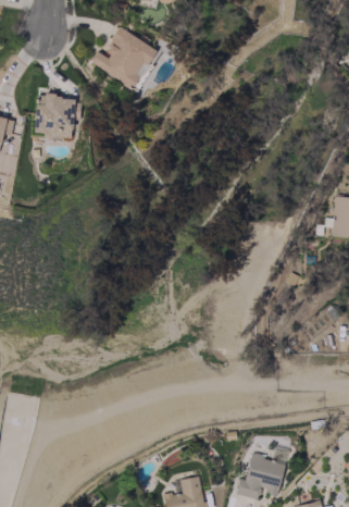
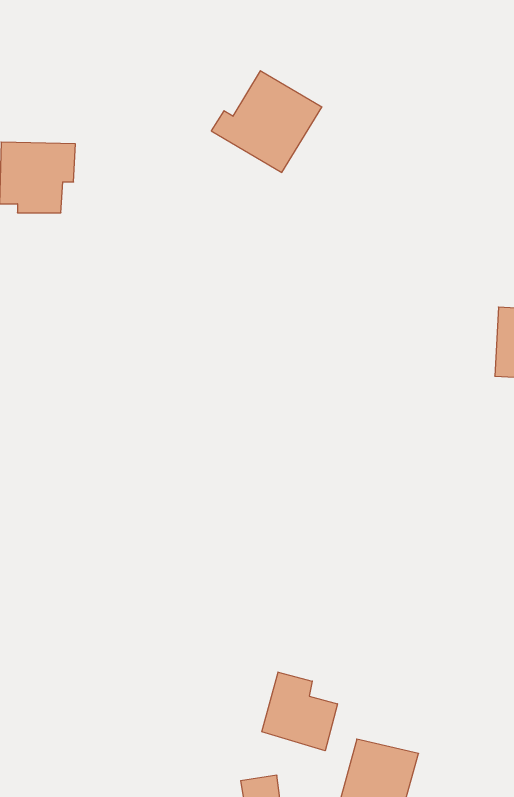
building: [90,27,157,88] -> [211,71,322,172]
building: none -> [262,672,337,751]

